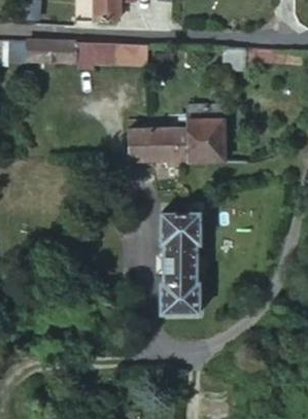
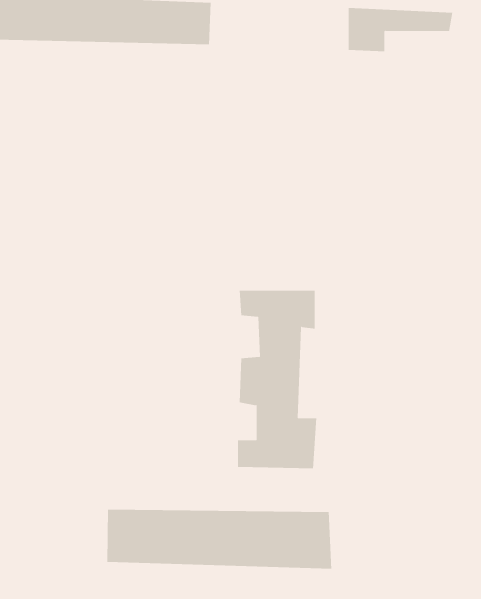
building: [127,111,231,169] -> none
building: none -> [107,509,332,570]

